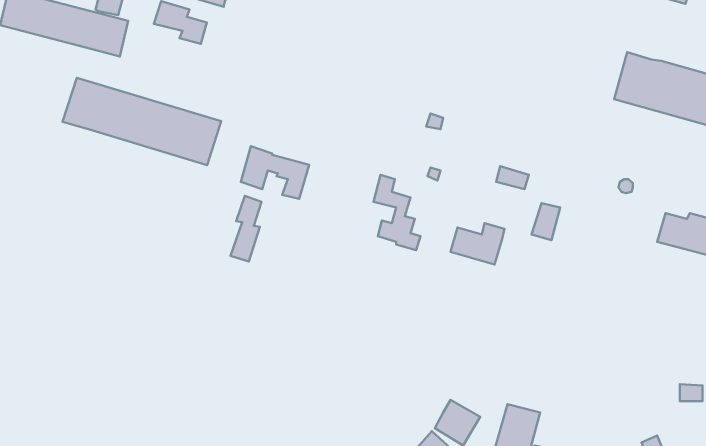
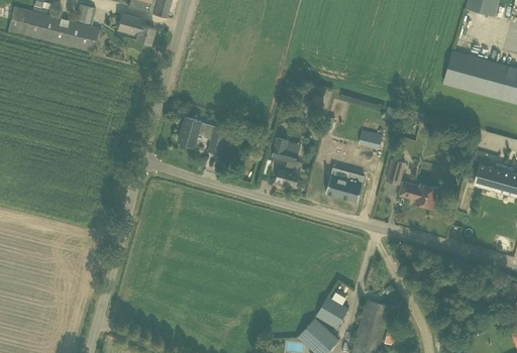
building: [63,78,221,165] -> none
building: [230,196,262,261] -> none
building: none -> [399,181,438,208]

